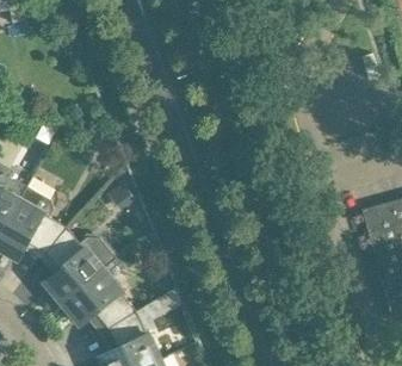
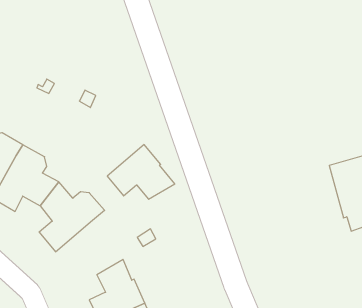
building: [62,269,136,329] -> [107,145,175,199]

